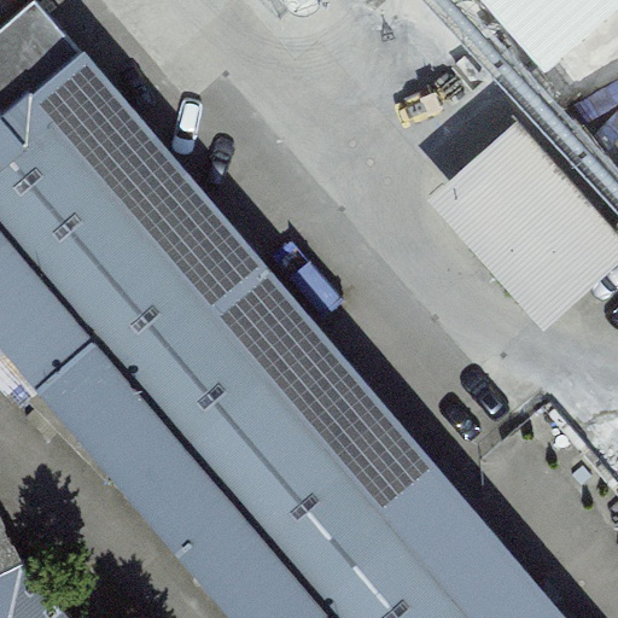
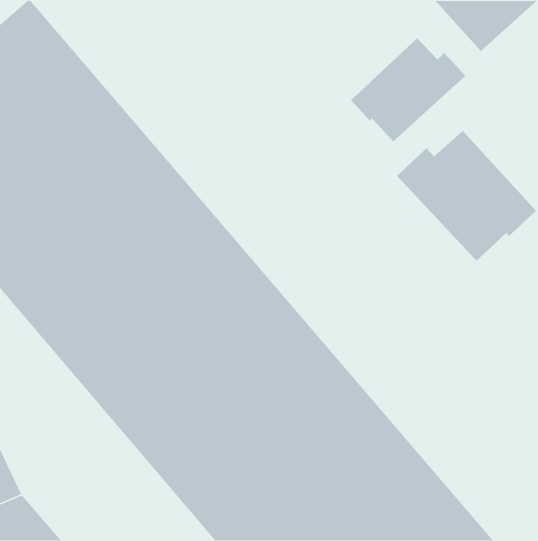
building: none -> [350,38,466,142]

